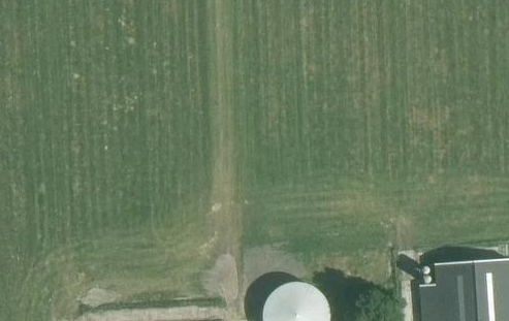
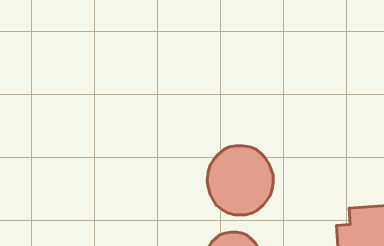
building: none -> [207,146,273,215]

